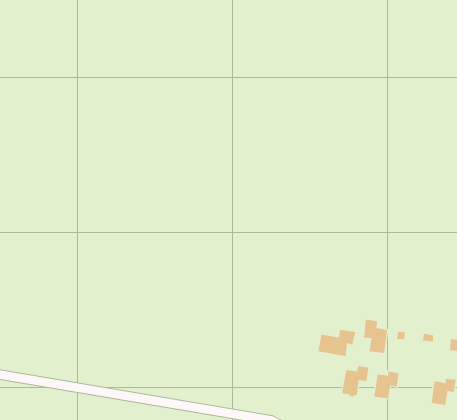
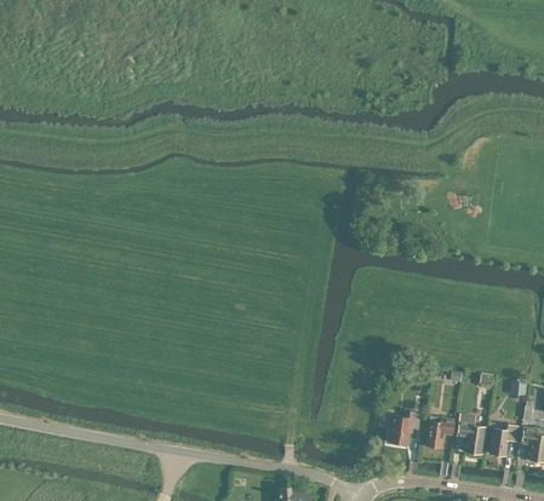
building: [363,319,388,354] -> [458,416,486,455]
building: [318,329,356,357] -> none

